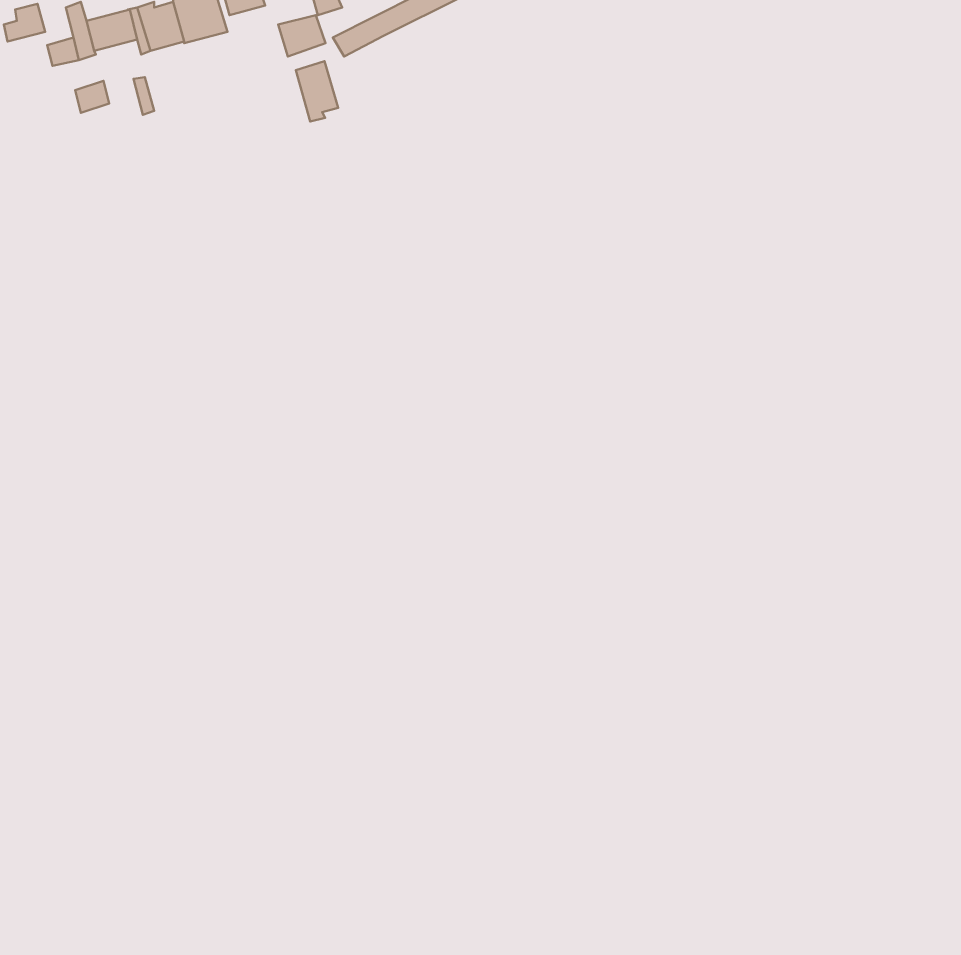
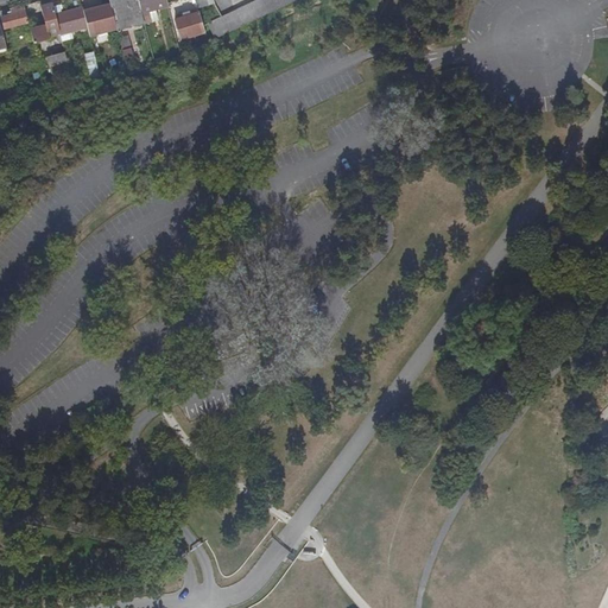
building: [296,61,338,121] -> none

